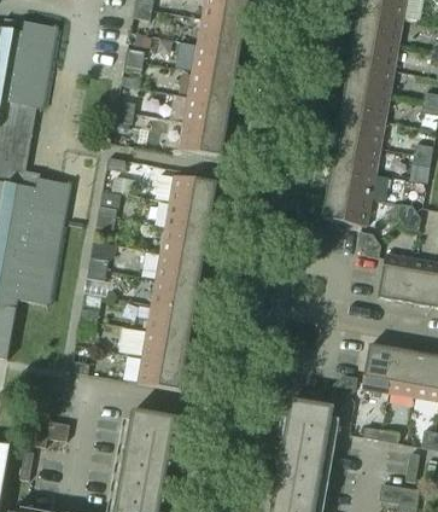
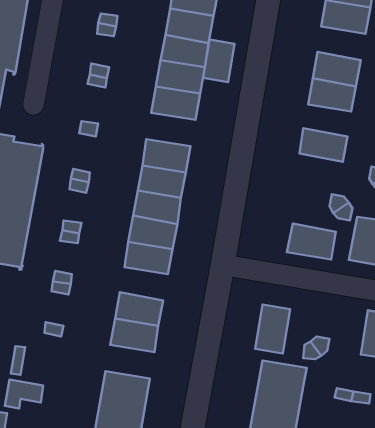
building: [345,62,393,95] -> none
building: none -> [203,40,235,82]
building: [331,140,379,173] -> none
building: [321,190,370,226] -> [287,224,336,259]
building: [146,304,194,338] -> none
building: [361,343,396,392] -> [255,304,290,353]

